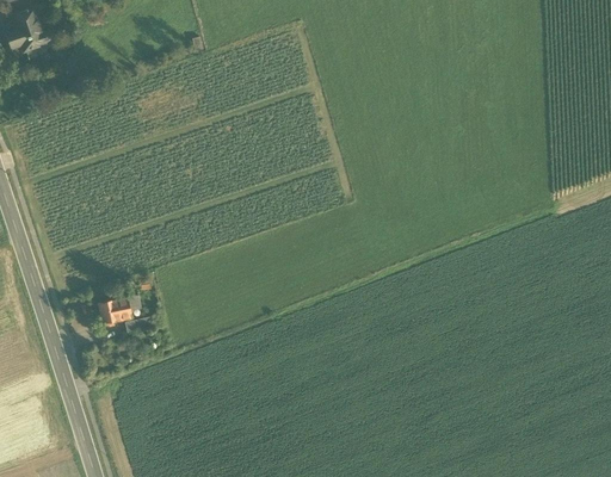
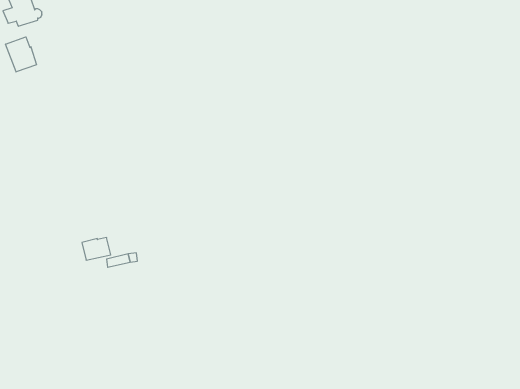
building: none -> [6,37,37,72]

